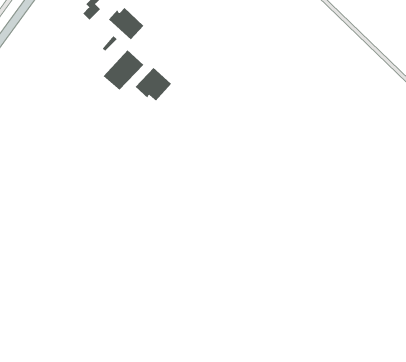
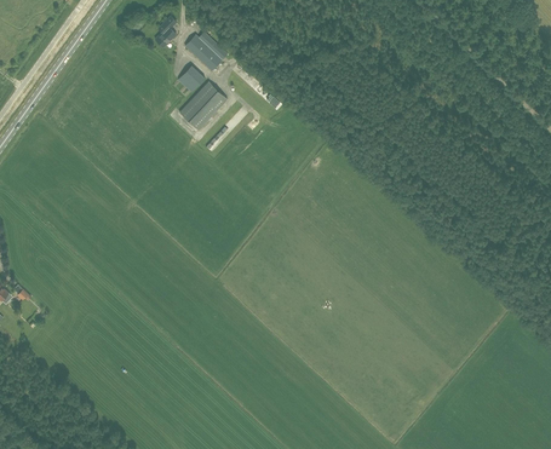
building: [135,67,172,102] -> none

